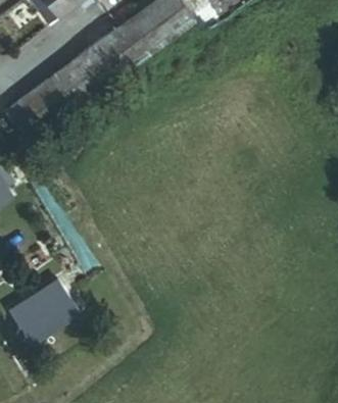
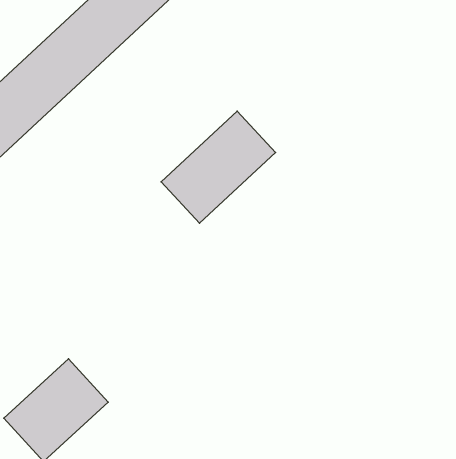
building: none -> [161,111,276,223]

